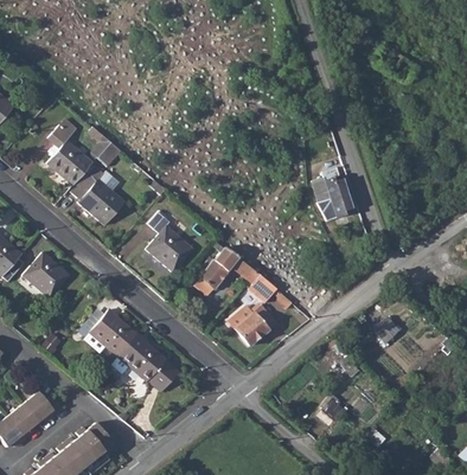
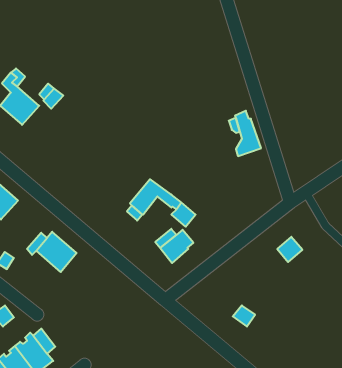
building: [70,165,123,223] -> none
building: [147,211,192,270] -> none
building: [117,334,178,392] -> none

